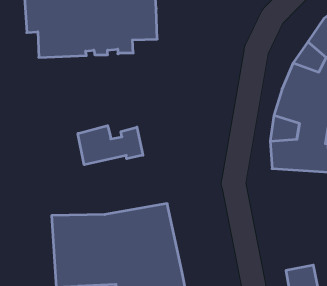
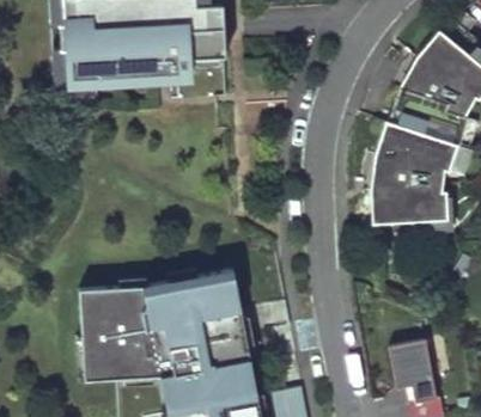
building: [78,126,143,165] -> none

